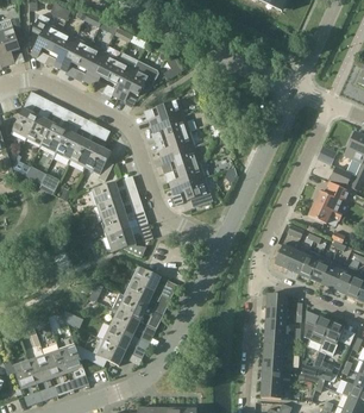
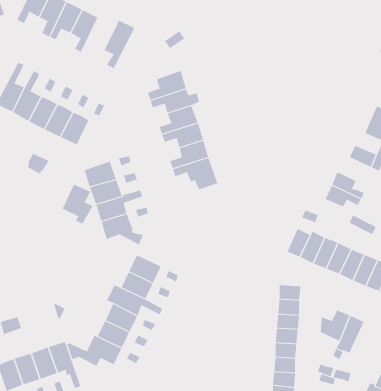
building: [88,51,119,87] -> none
building: [118,61,157,101] -> none
building: [84,144,113,181] -> [62,184,93,225]

